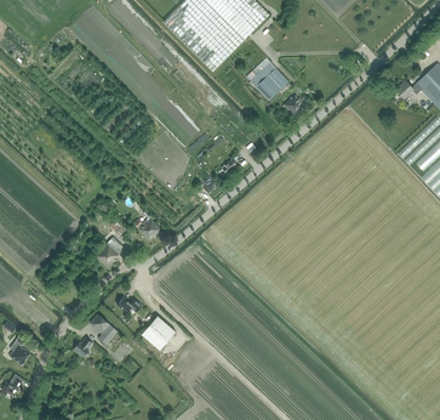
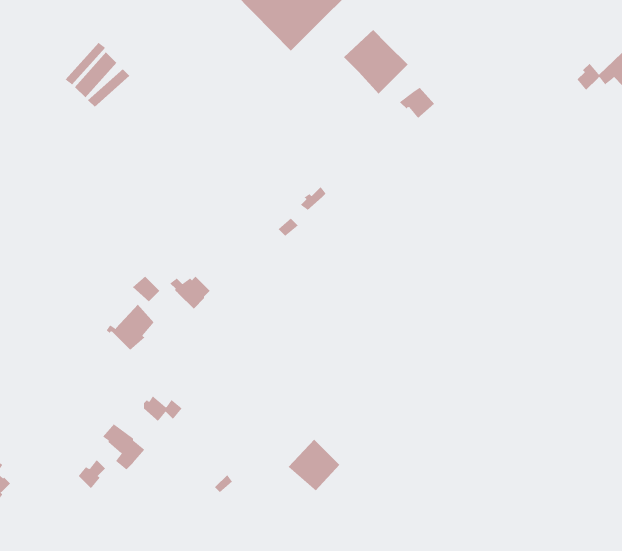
building: [141,316,175,350] -> [288,439,340,491]

